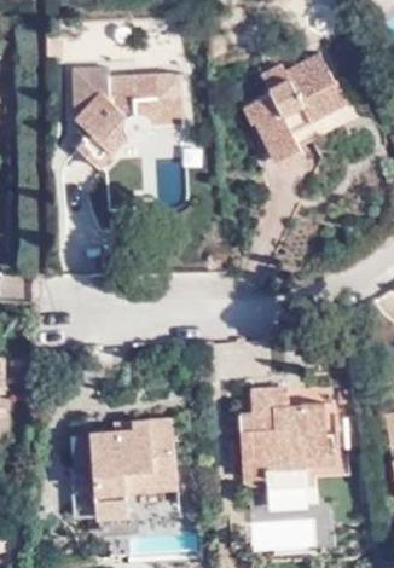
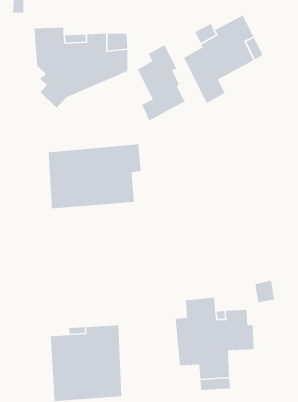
building: none -> [137,44,185,121]
building: none -> [48,143,141,209]

